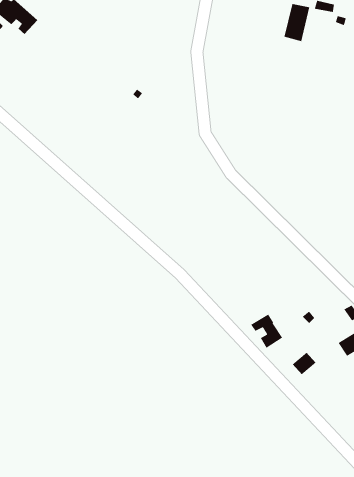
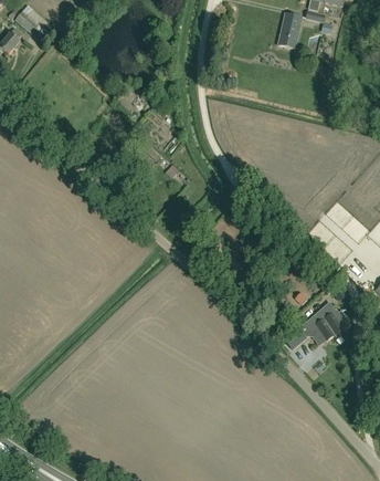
building: [250,313,283,349] -> [305,312,335,344]

